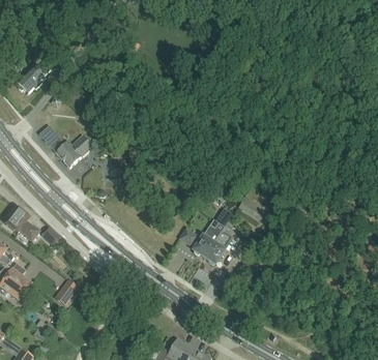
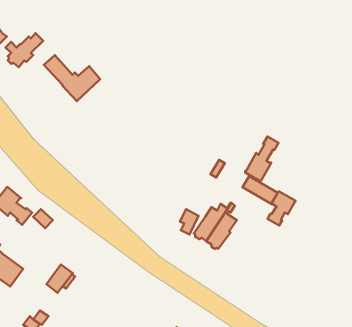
building: [37,124,90,168] -> [44,55,100,101]
building: none -> [245,137,279,181]
building: none -> [267,191,296,225]

